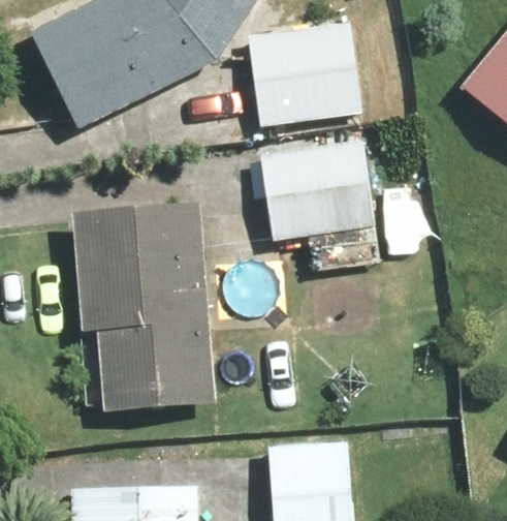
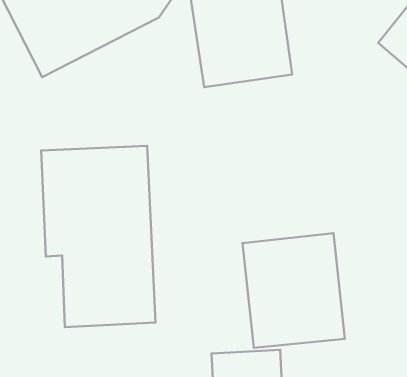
building: [202,144,375,274] -> none
building: none -> [243,233,345,348]

